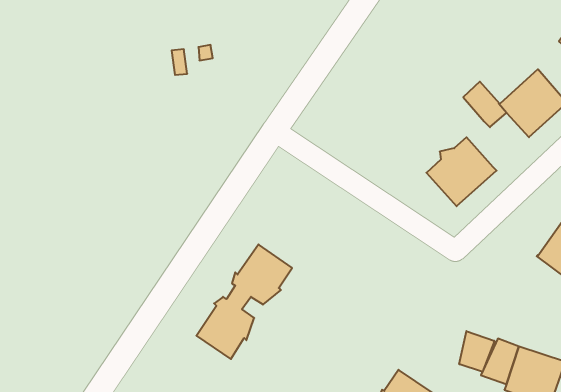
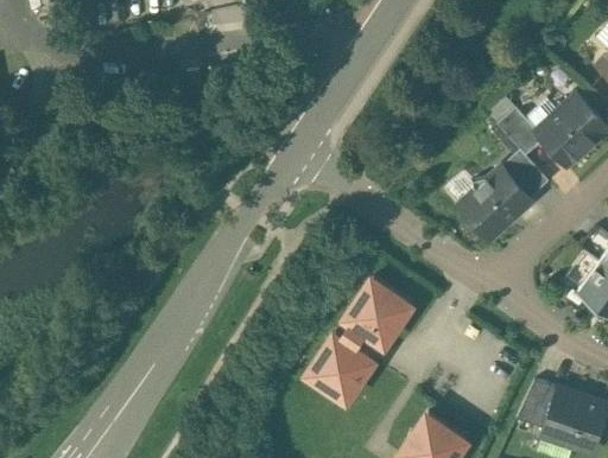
building: none -> [501,150,549,198]
building: [196,244,292,359] -> [308,279,410,401]
building: [459,331,494,372] -> none

